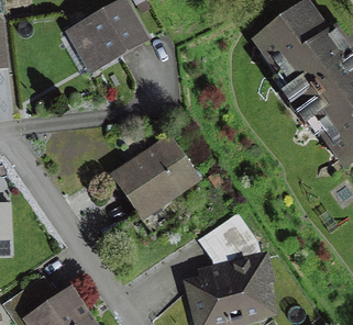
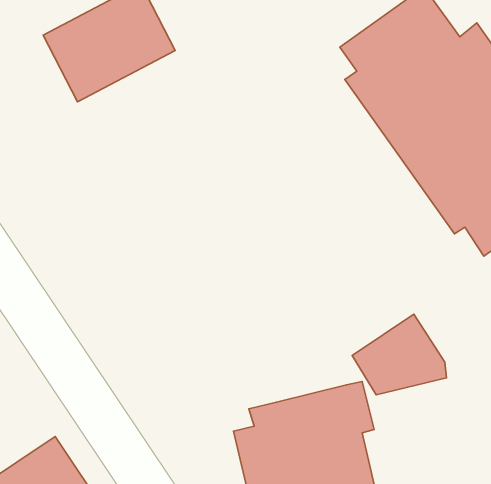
building: [114,135,200,217] -> none
building: [198,212,258,264] -> [352,314,447,395]

